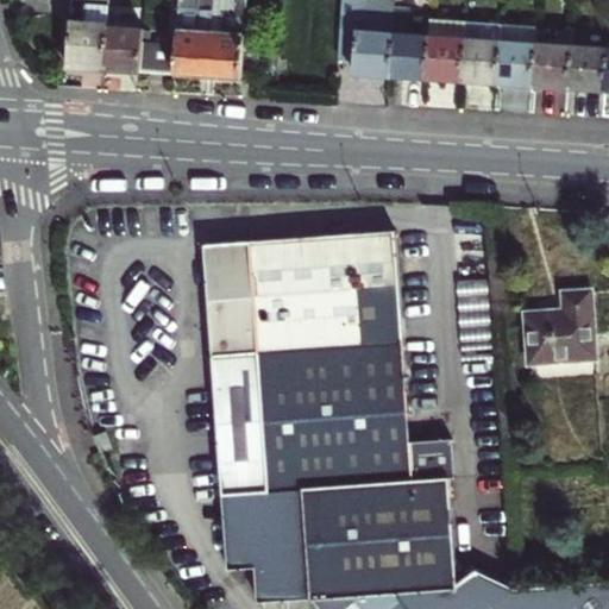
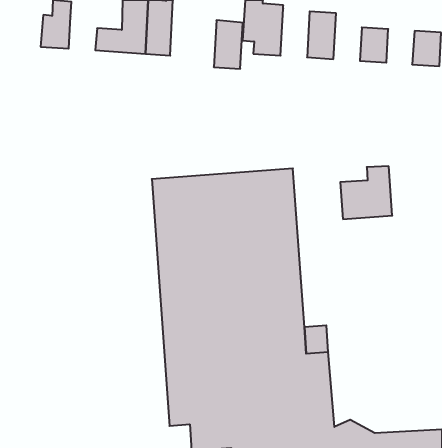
building: [378,15,419,81] -> [214,20,244,69]
building: [450,21,489,86] -> none
building: [93,26,131,71] -> none
building: [521,43,559,90] -> none
building: [511,294,582,365] -> [340,166,392,219]

